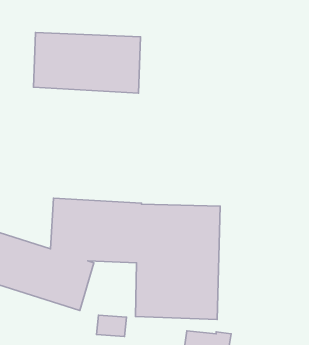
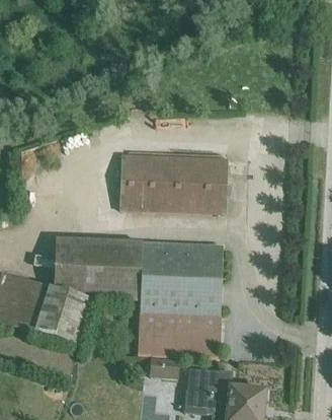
building: [33,33,140,93] -> [119,152,227,213]
building: [96,315,127,336] -> [149,356,179,377]

